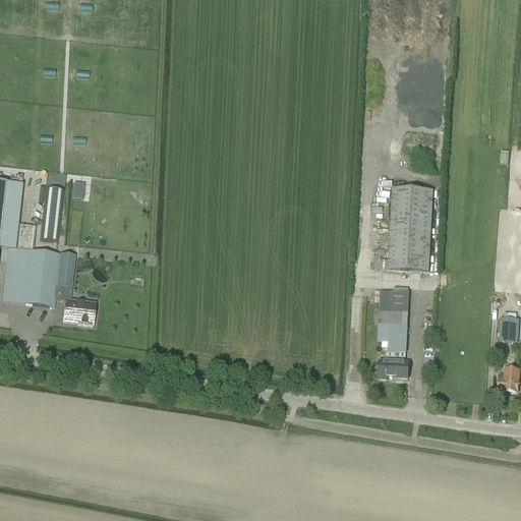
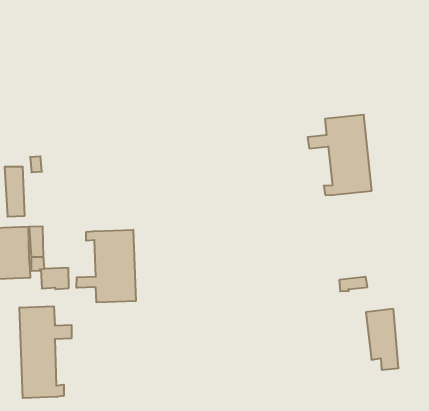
building: none -> [77,230,136,302]
building: [378,288,409,352] -> [366,309,399,370]
building: none -> [20,306,71,398]

